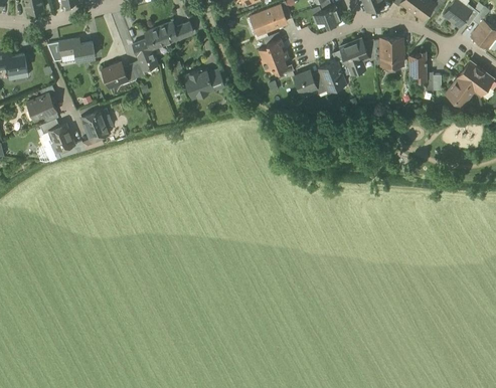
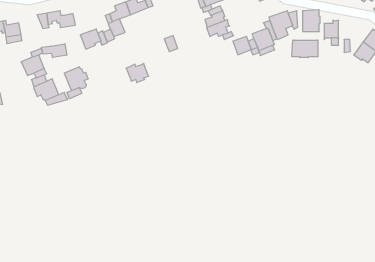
building: [184,70,212,94] -> [126,63,149,83]
building: none -> [292,40,318,58]
building: none -> [41,44,67,58]

